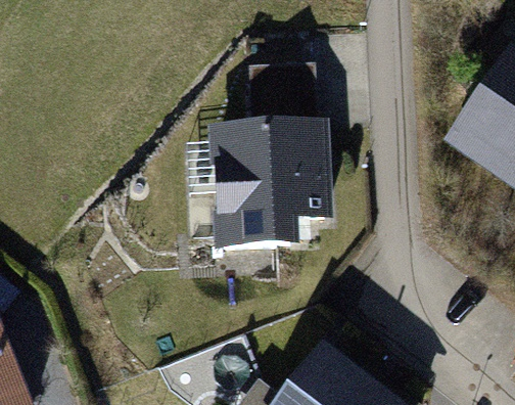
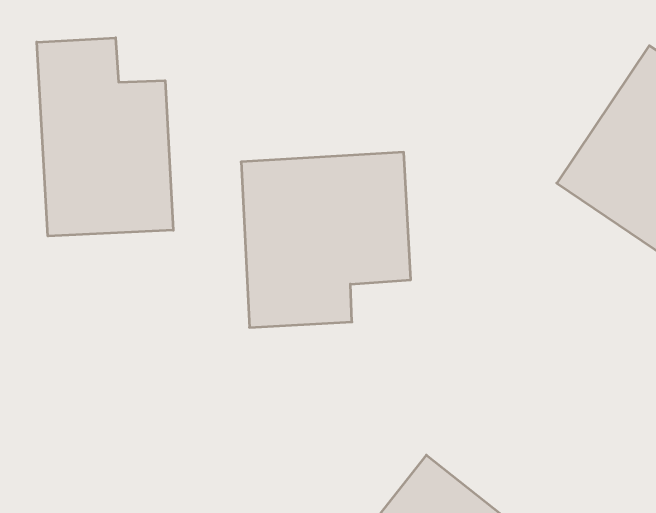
building: none -> [37,38,173,236]

